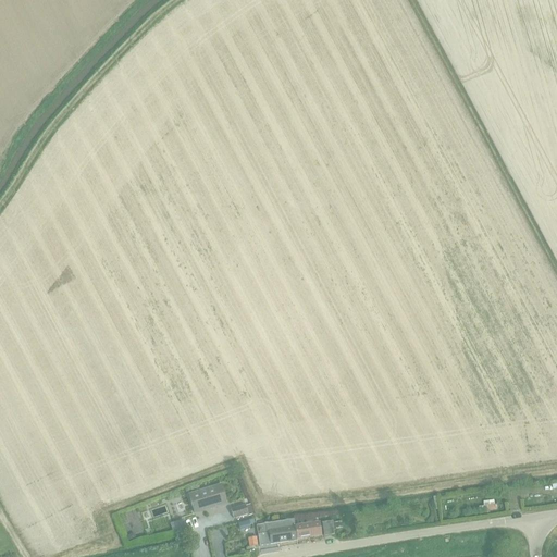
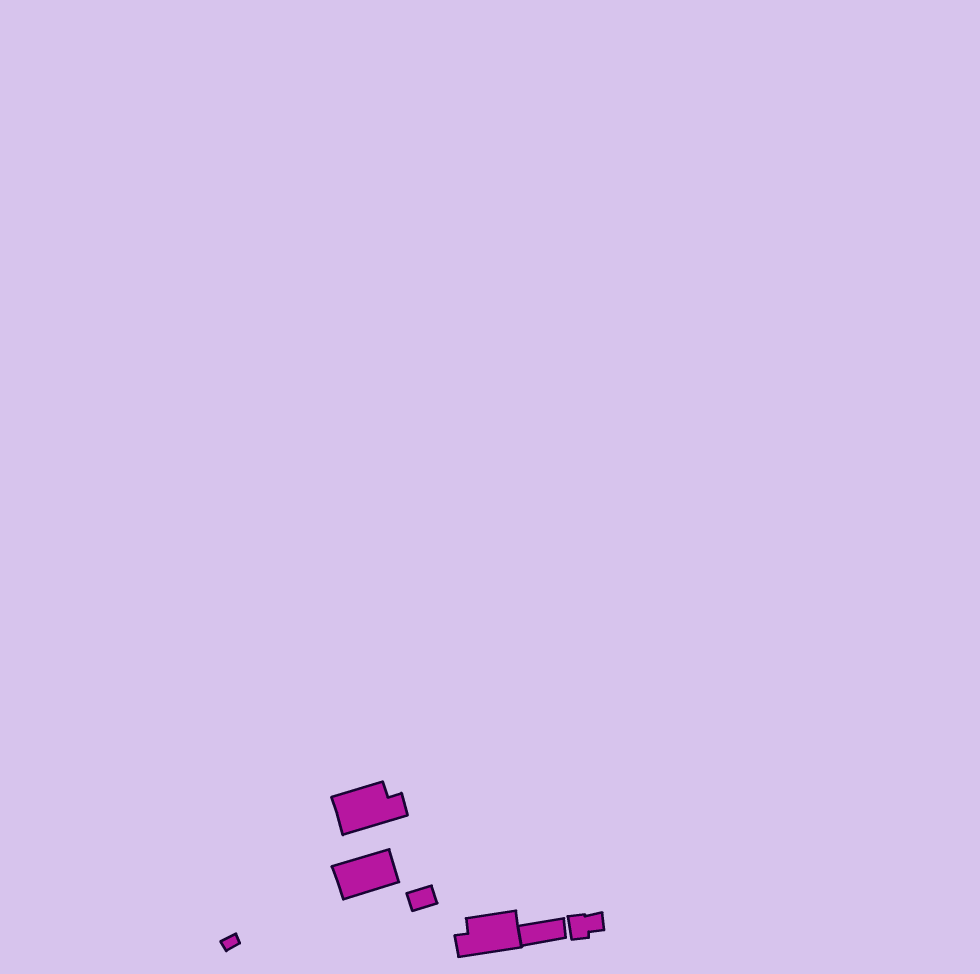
building: none -> [332,782,407,835]

